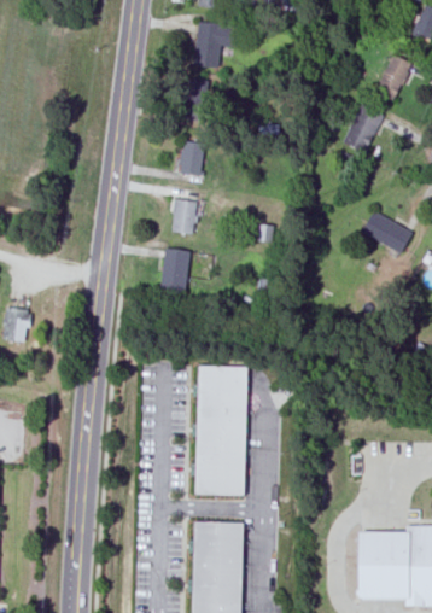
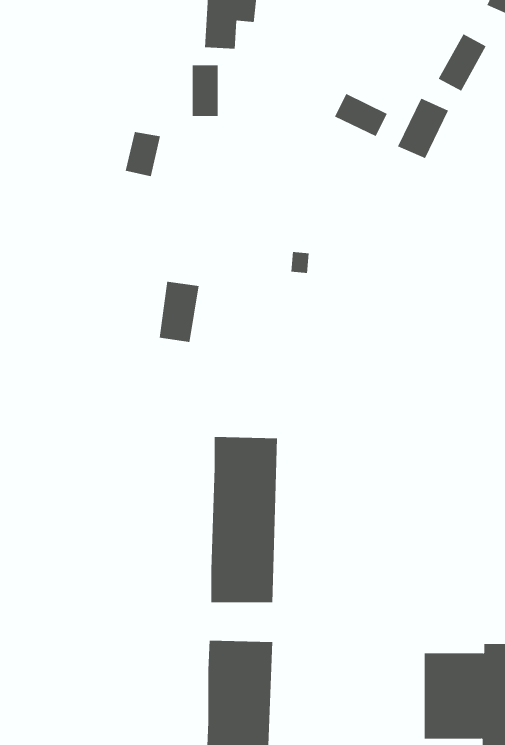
building: none -> [334,93,388,137]
building: [175,140,203,175] -> [125,132,161,177]
building: [168,197,195,233] -> none
building: [363,209,414,252] -> none

